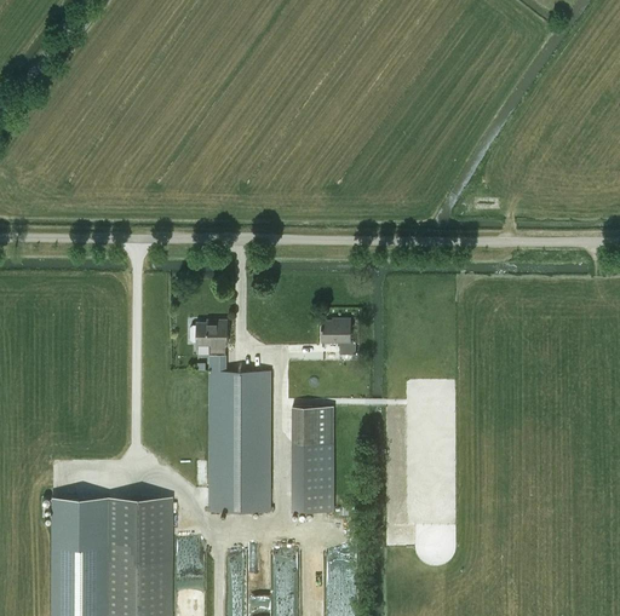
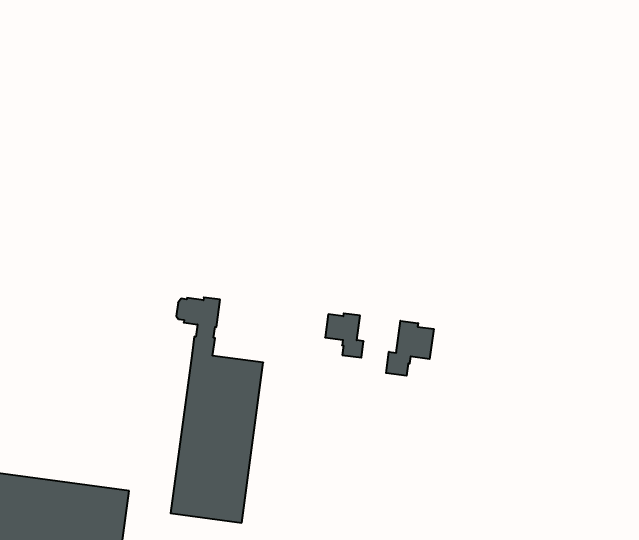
building: none -> [386,321,434,376]
building: [292,408,334,513] -> none

